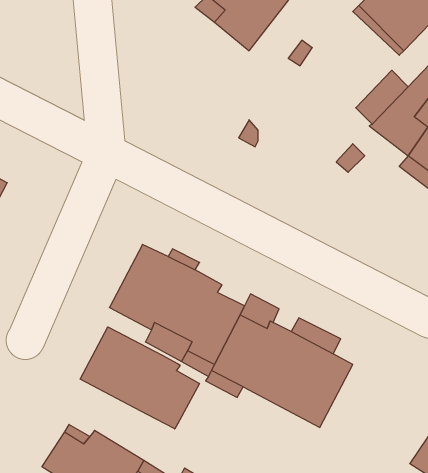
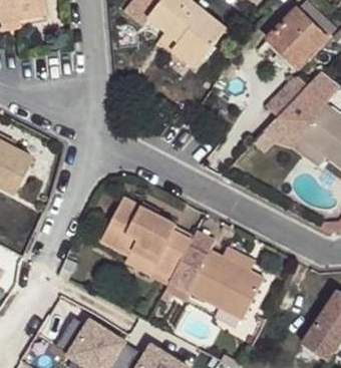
building: [80,327,199,429] -> none

